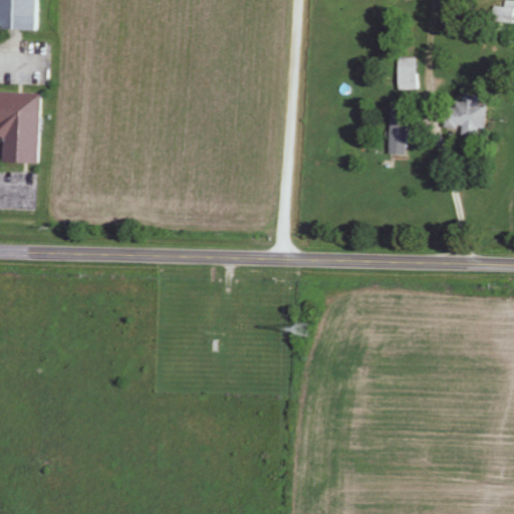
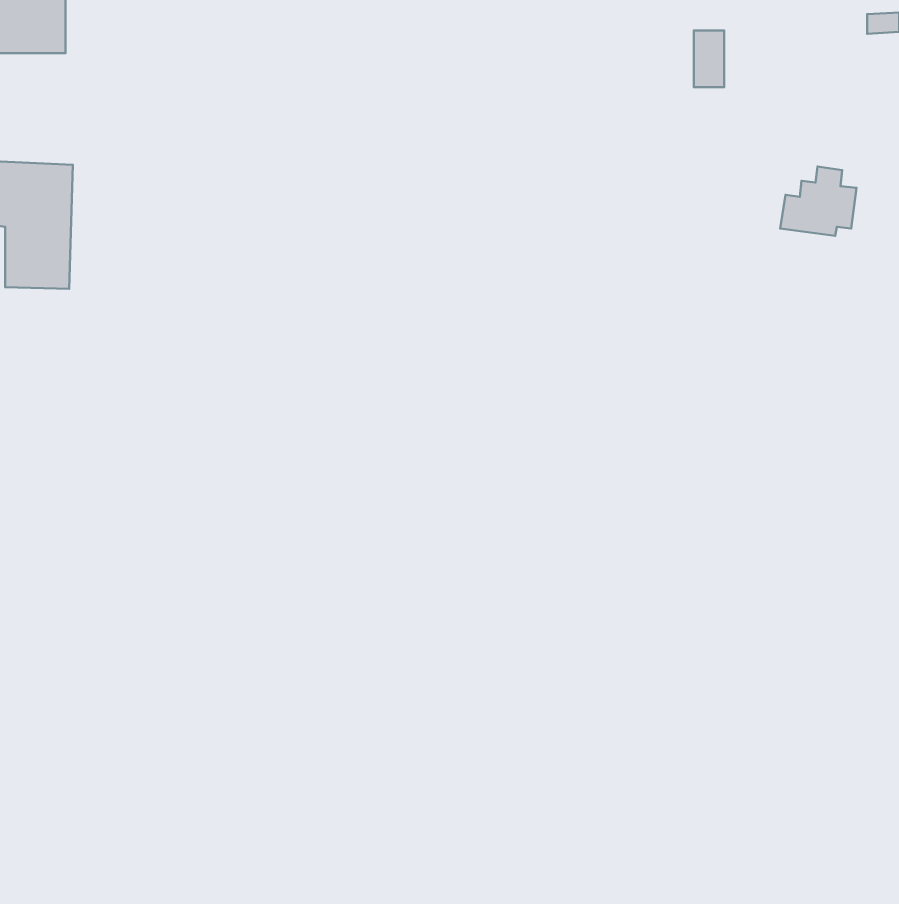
building: [397,58,414,90] -> [694,30,724,87]
building: [389,110,406,149] -> none

